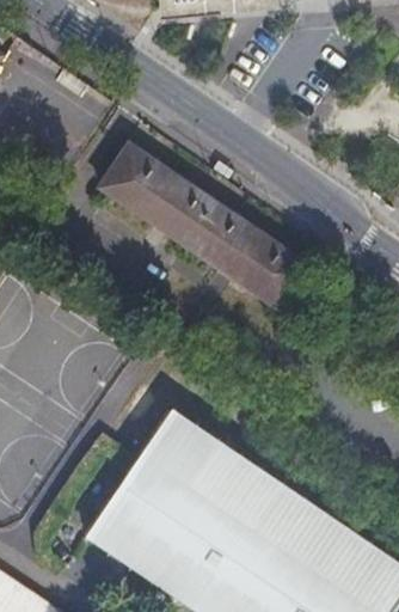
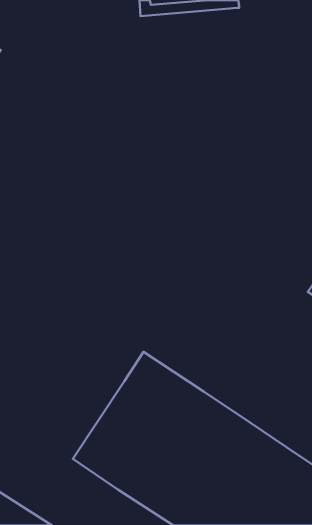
building: [103,148,311,310] -> none

